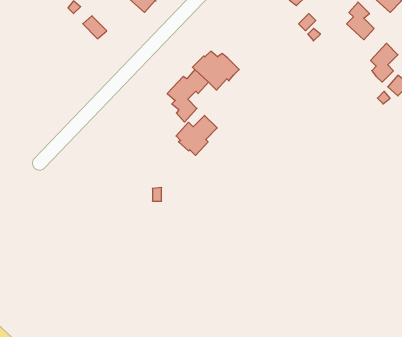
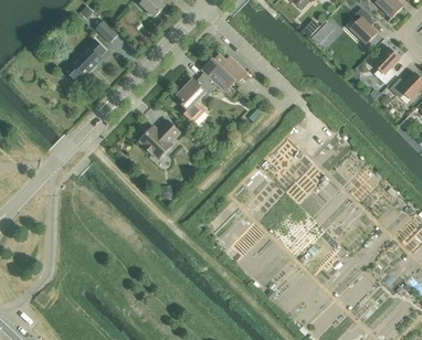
building: none -> [64,39,106,81]
building: [176,115,217,155] -> [140,119,180,158]

